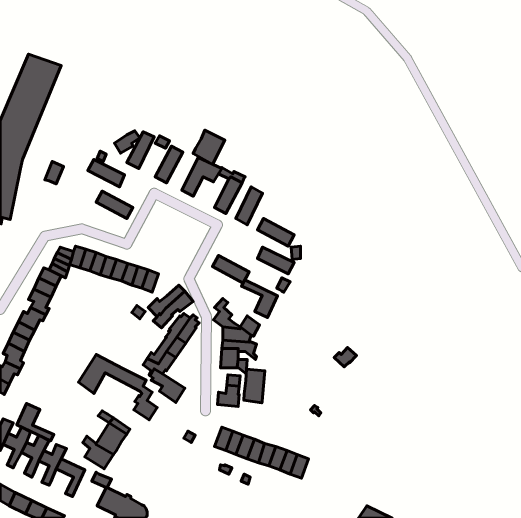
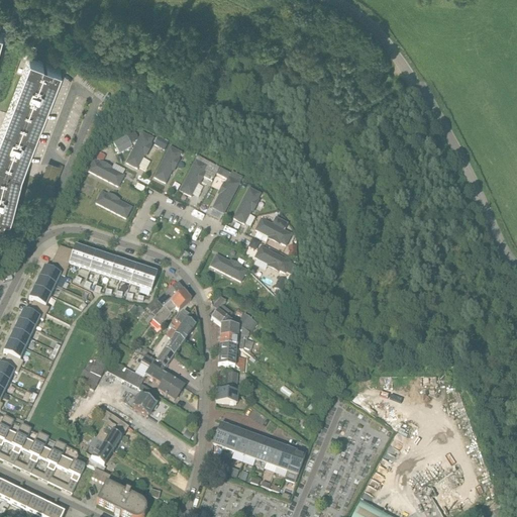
building: [193,130,225,164] -> none
building: [242,280,278,317] -> none
building: [244,369,265,403] -> none
building: [17,404,54,441] -> none

